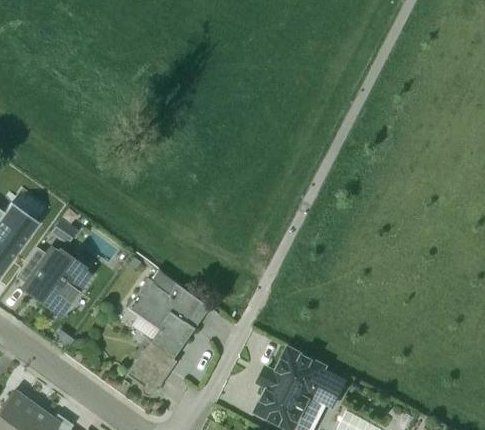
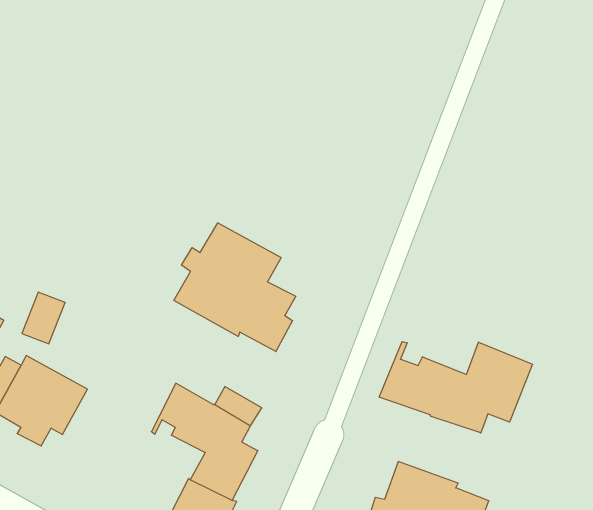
building: none -> [174,223,296,352]
building: none -> [379,342,533,433]

